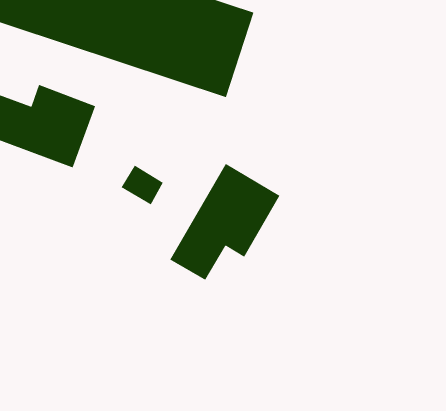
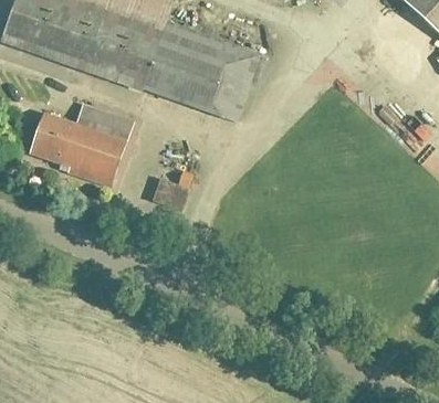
building: [169,163,281,281] -> none

